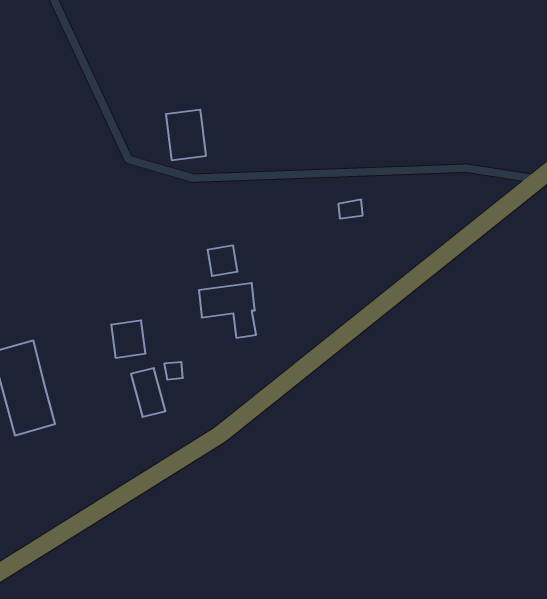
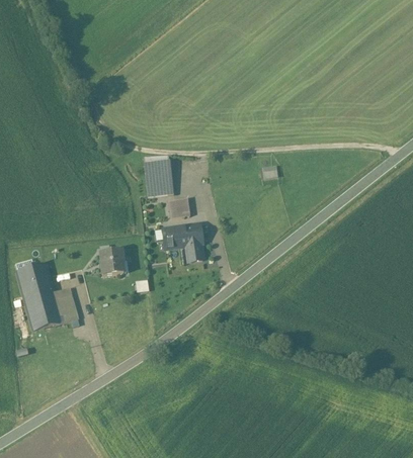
building: [166,110,206,160] -> [144,160,172,195]
building: [131,368,165,417] -> [53,287,77,322]

